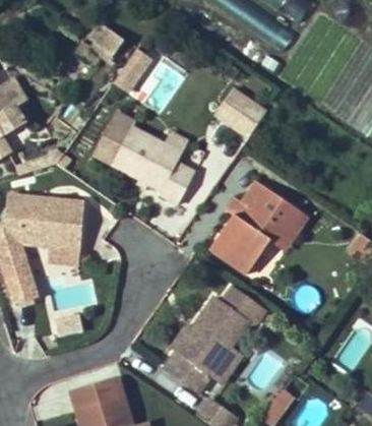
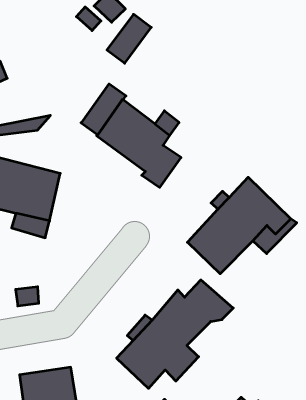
building: [219,88,268,137] -> none

